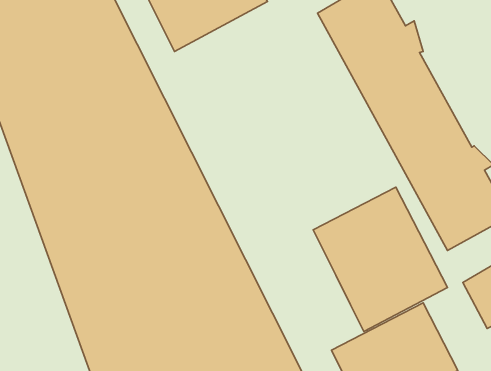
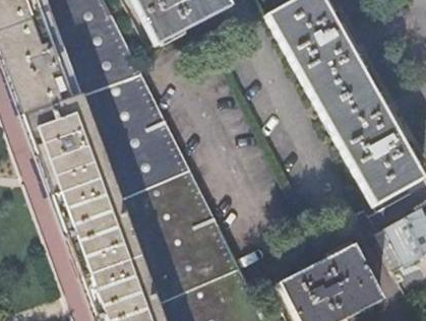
building: [313,187,447,332] -> none

